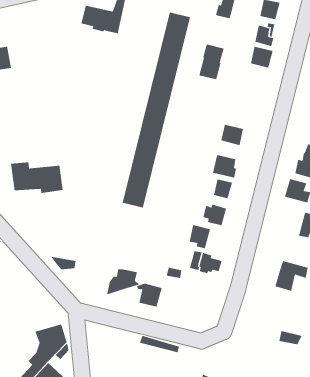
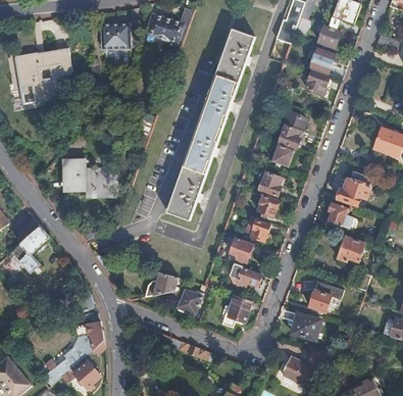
building: none -> [102,22,130,47]
building: [199,44,225,80] -> [278,111,305,147]
building: none -> [221,296,251,327]
building: none -> [291,313,319,339]
building: none -> [281,356,314,386]

